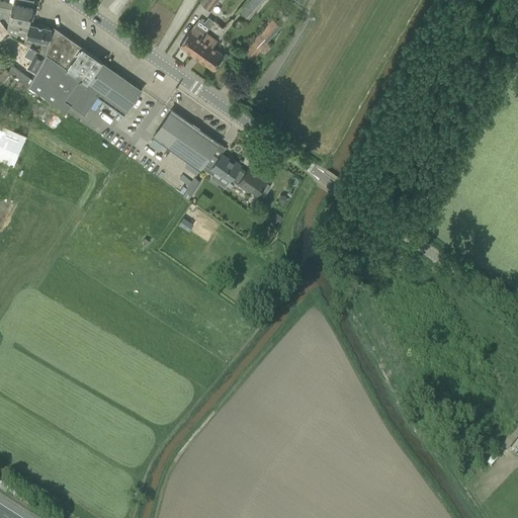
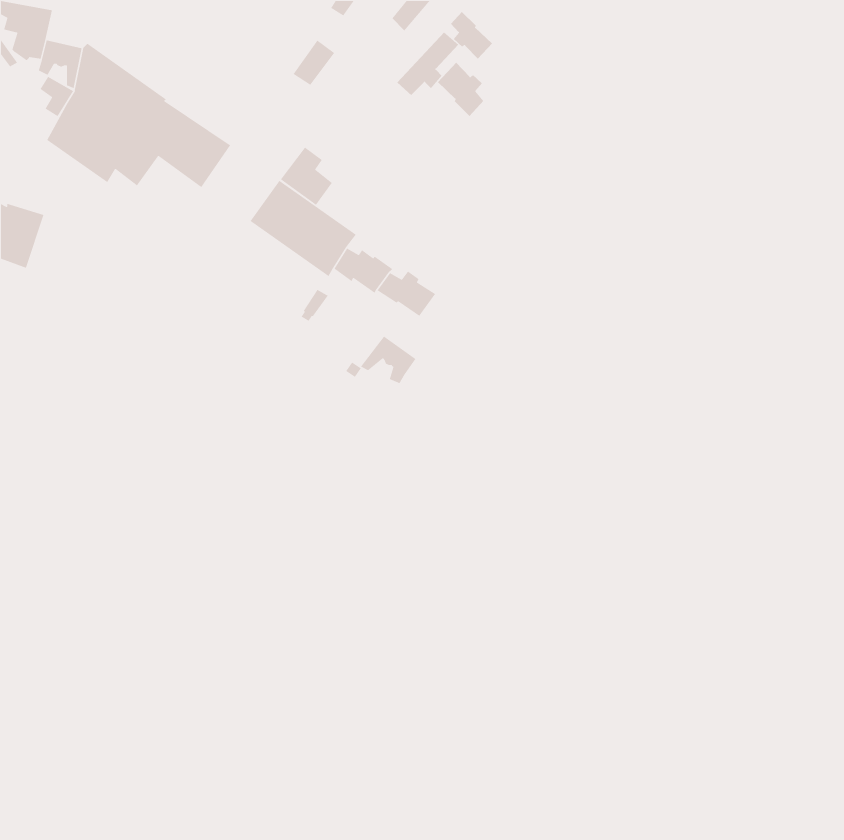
building: none -> [450,11,493,59]
building: [190,34,223,71] -> [280,147,333,206]
building: none -> [437,62,484,117]
building: none -> [360,335,416,384]

